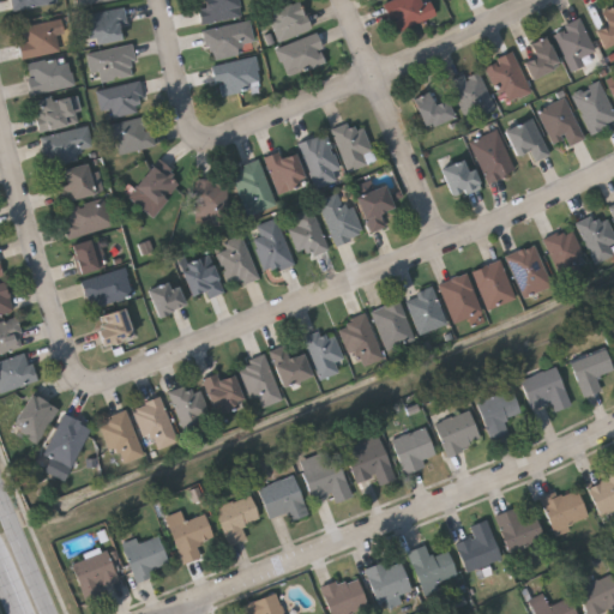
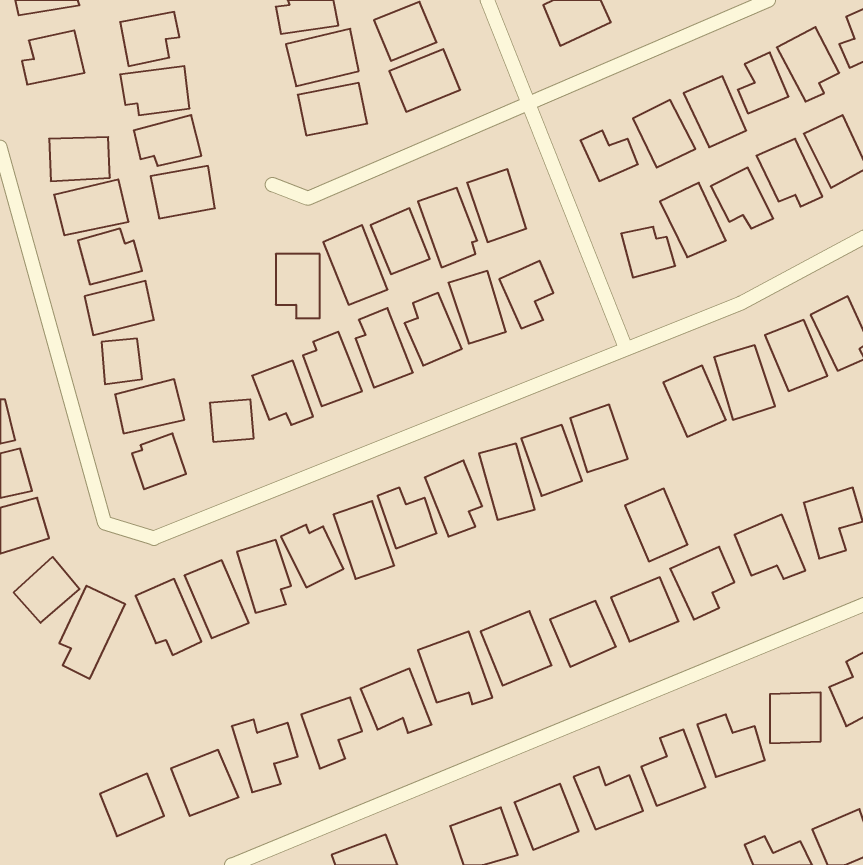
building: [23,58,73,95] -> none
building: [133,159,180,205] -> none
building: [438,272,482,324] -> [625,489,688,561]

